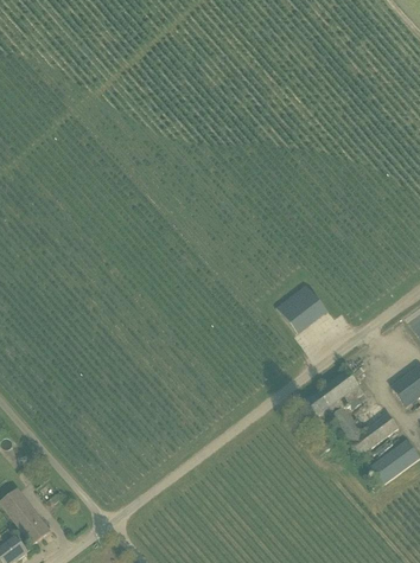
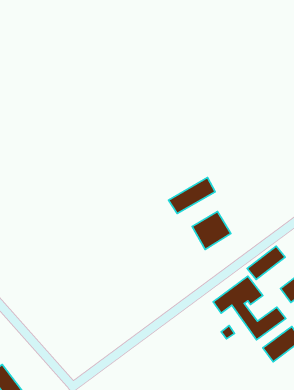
building: none -> [169,177,215,214]
building: none -> [247,246,285,280]

